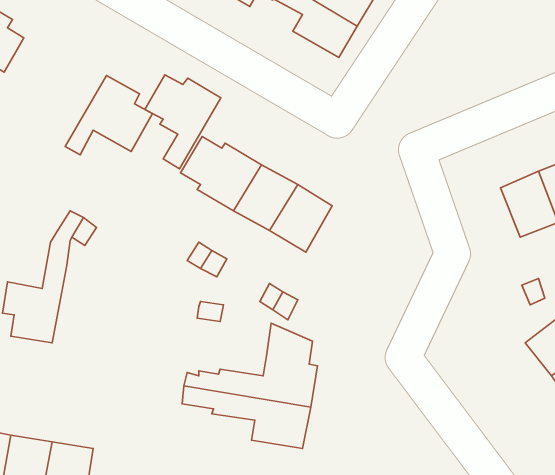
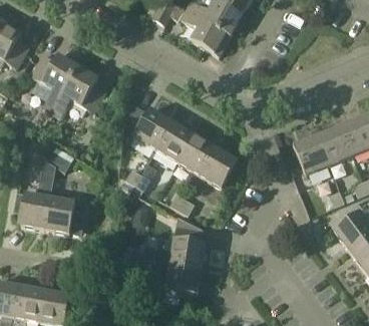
building: [145,75,221,169] -> [31,52,77,109]
building: none -> [293,134,329,175]
building: none -> [199,145,238,187]
building: none -> [44,198,86,236]

